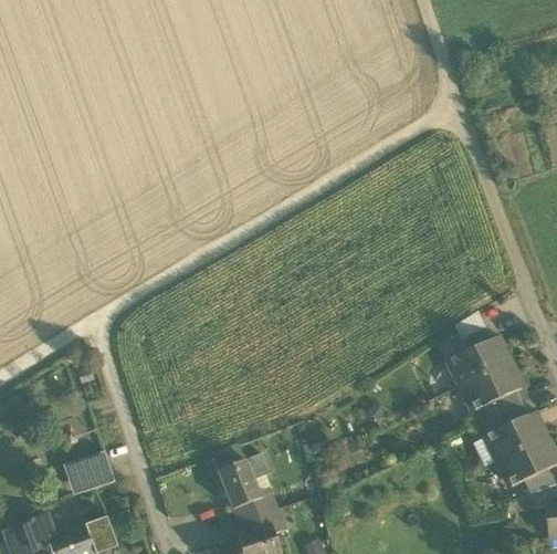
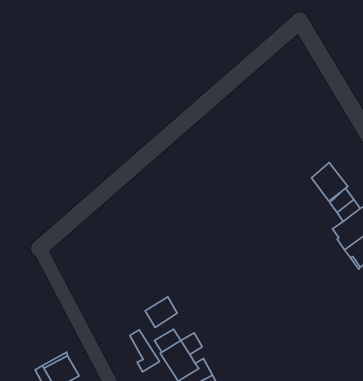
building: none -> [311,162,348,201]
building: none -> [145,297,177,327]
building: none -> [130,330,160,372]

